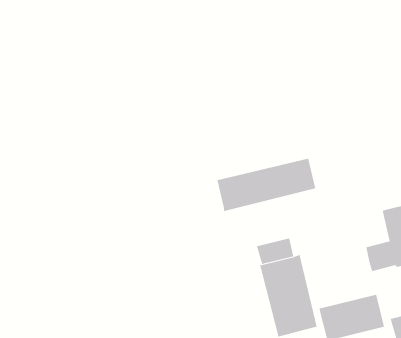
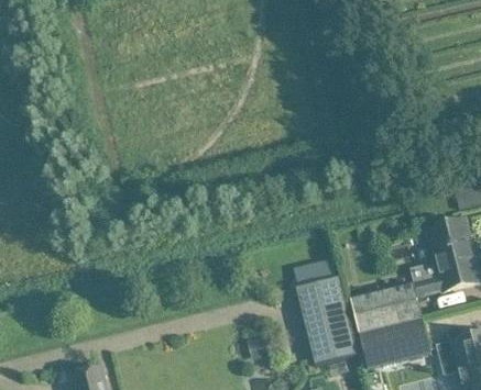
building: [216,158,316,212] -> none
building: none -> [349,283,422,333]

